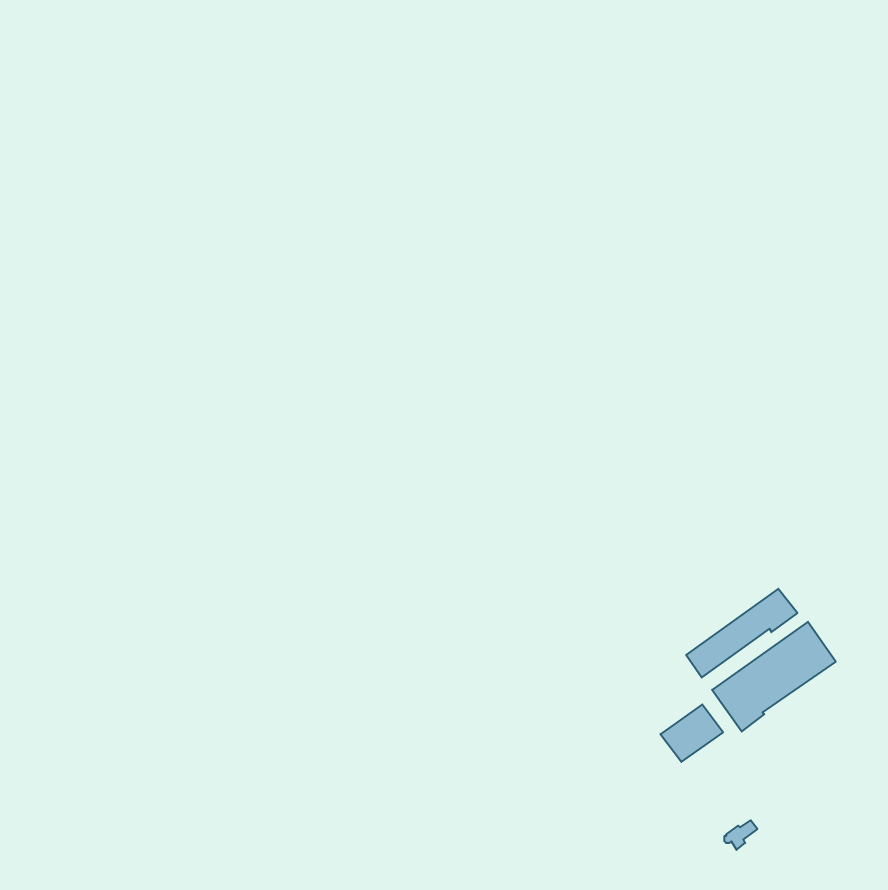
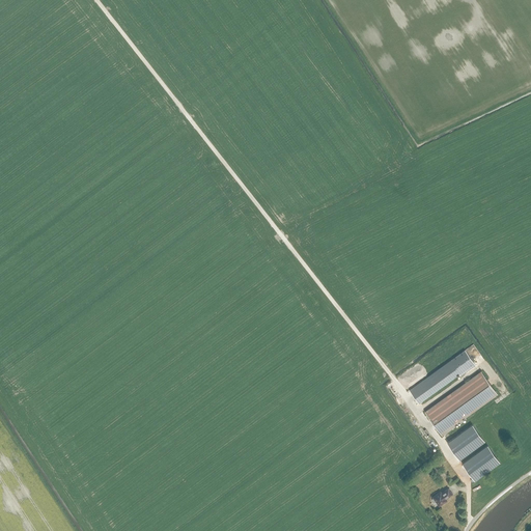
building: [660,704,723,762] -> [446,425,483,459]
building: none -> [462,446,499,480]

